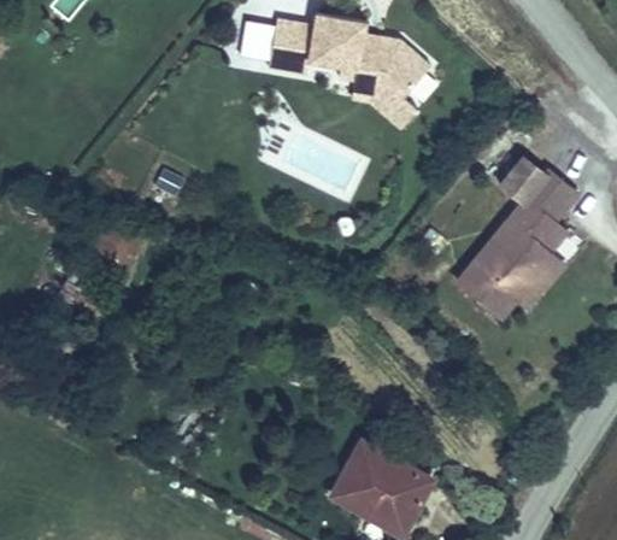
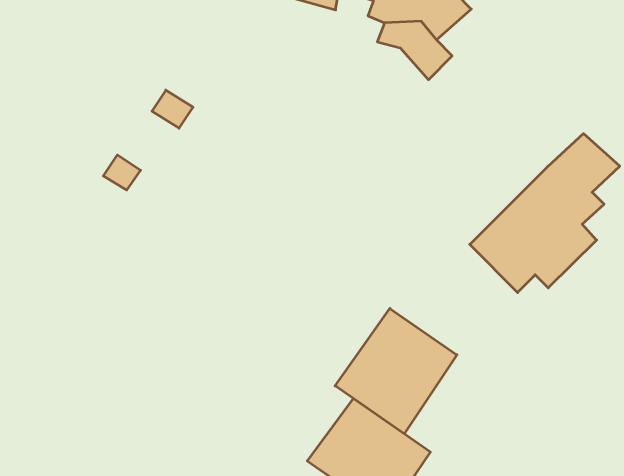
building: [494,149,547,202] -> none
building: none -> [335,308,457,434]

